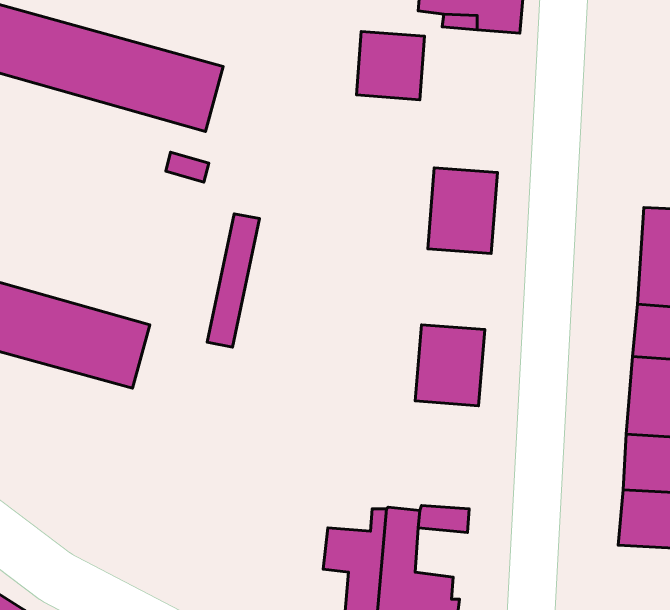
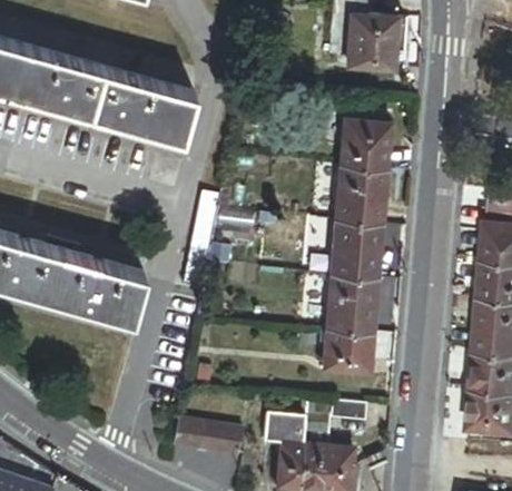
building: [356,32,425,100] -> [342,121,390,169]
building: none -> [333,223,382,279]
building: none -> [323,330,373,387]
building: none -> [171,419,243,458]

